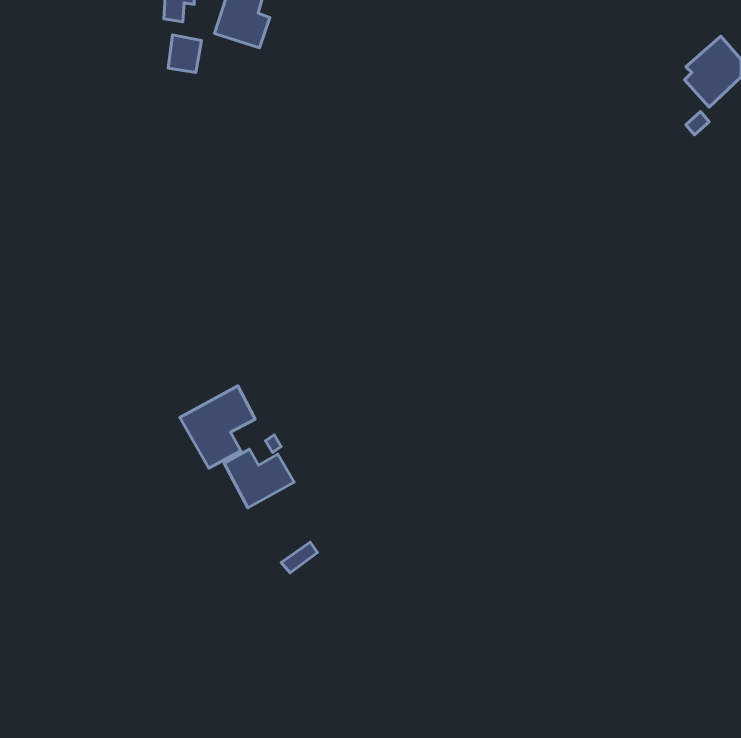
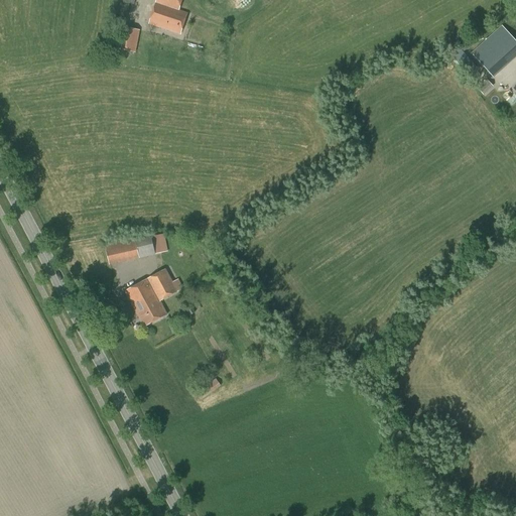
building: none -> [105,234,154,262]
building: [224,449,294,508] -> none

